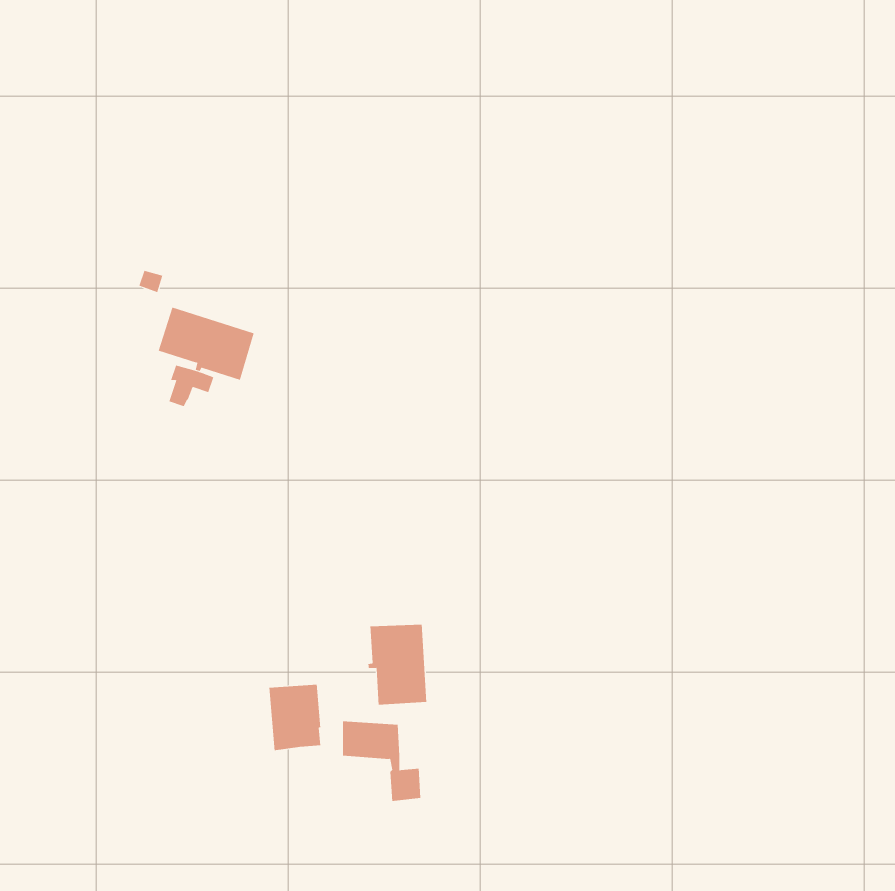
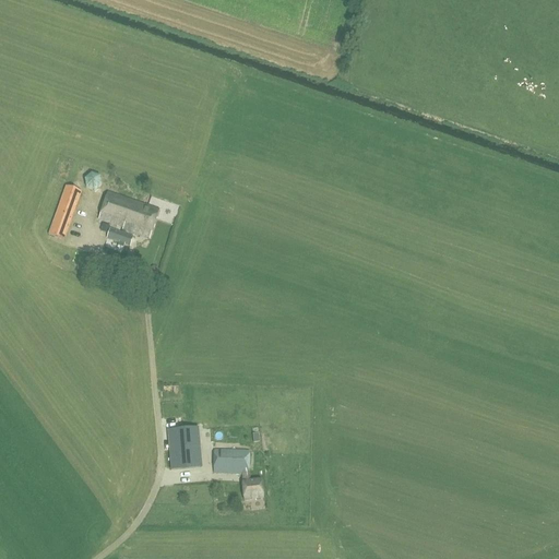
building: none -> [48,185,81,238]
building: [368,624,427,706] -> none

